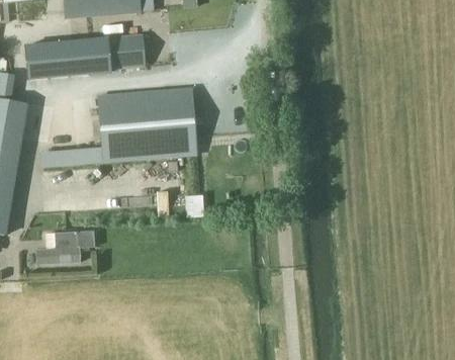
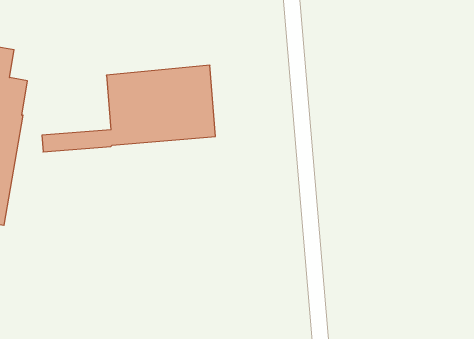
building: [25,34,145,78] -> none
building: [35,230,93,264] -> none

